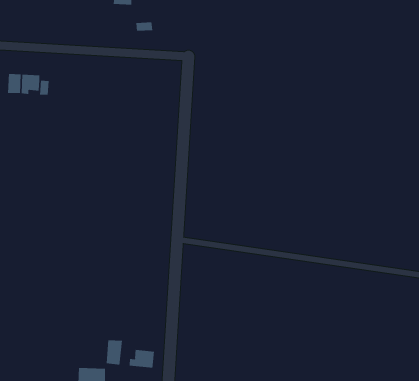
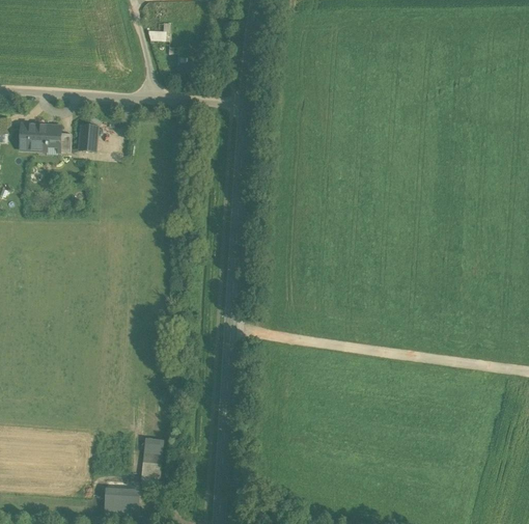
building: none -> [78,123,96,149]
building: [129,349,155,368] -> none

